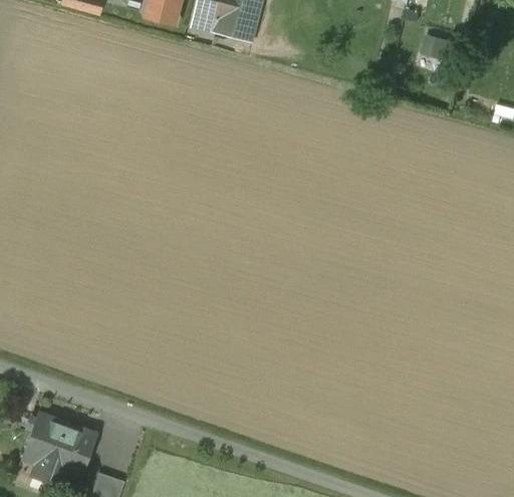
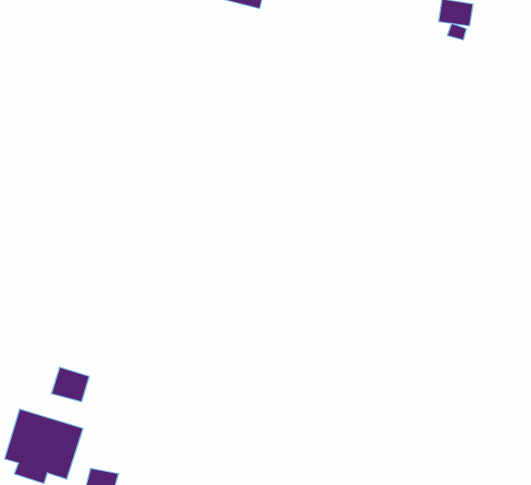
building: none -> [52,367,89,402]

